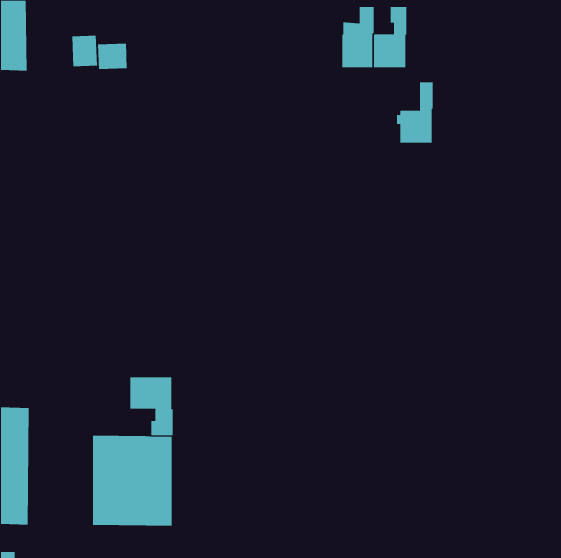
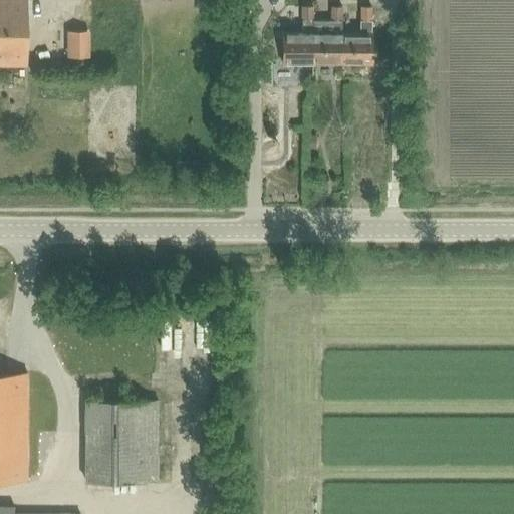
building: [97,43,127,70] -> none
building: [396,82,433,143] -> [279,8,313,64]
building: [130,377,173,436] -> none

